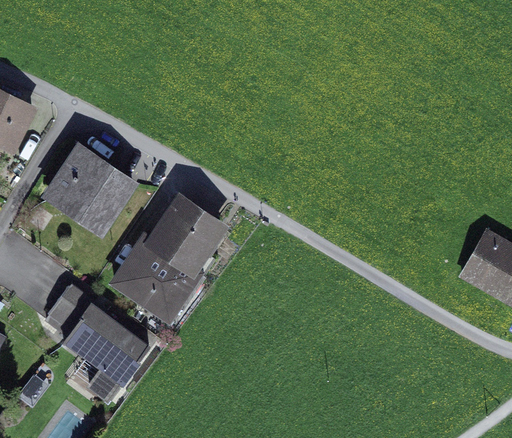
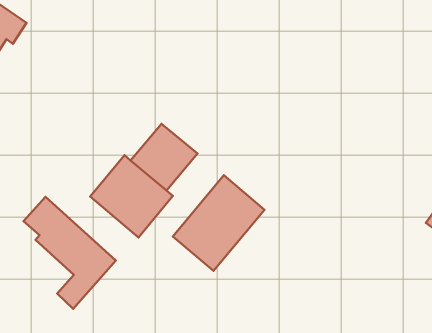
building: [50,146,134,230] -> none
building: none -> [173,175,264,271]

